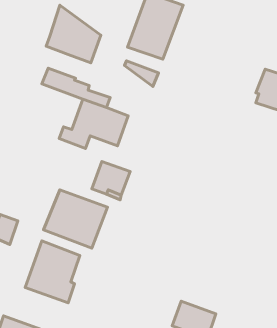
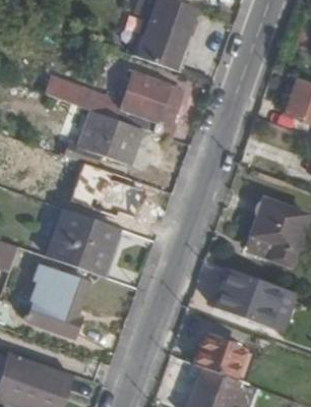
building: [46,5,101,63] -> [120,75,181,139]
building: none -> [245,197,306,264]
building: none -> [214,268,292,324]

